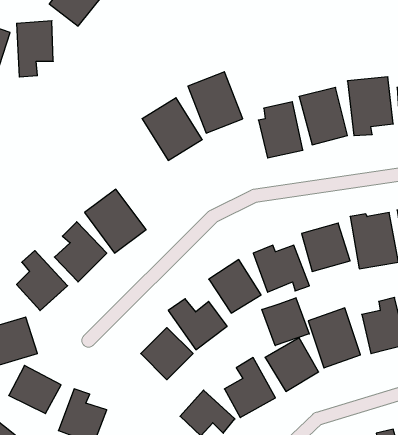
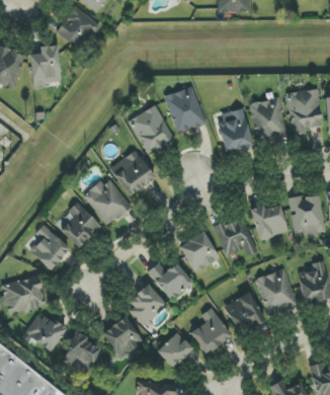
building: none -> [109,150,155,196]
building: [262,298,309,346] -> none
building: none -> [101,315,143,358]

